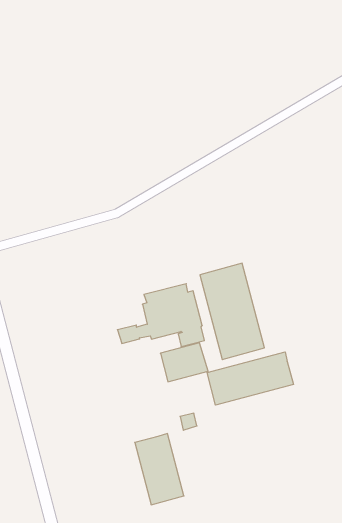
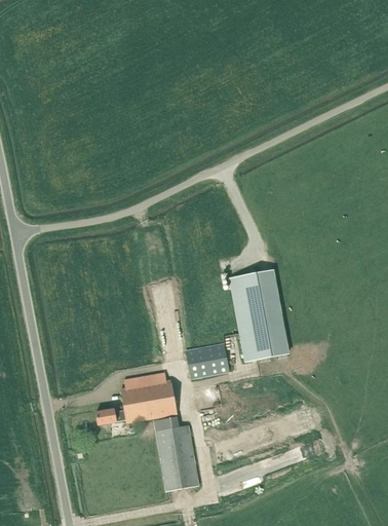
building: [117,284,204,347] -> [95,372,178,431]
building: [207,352,293,405] -> none

